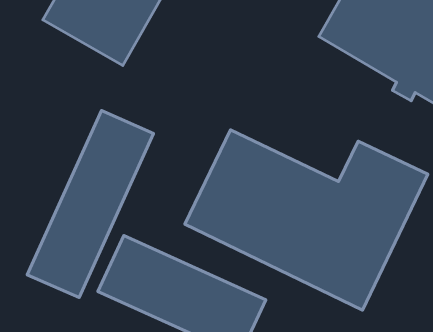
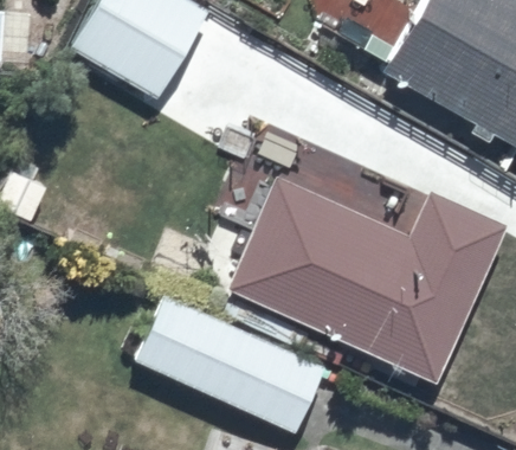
building: [27,111,154,298] -> none

